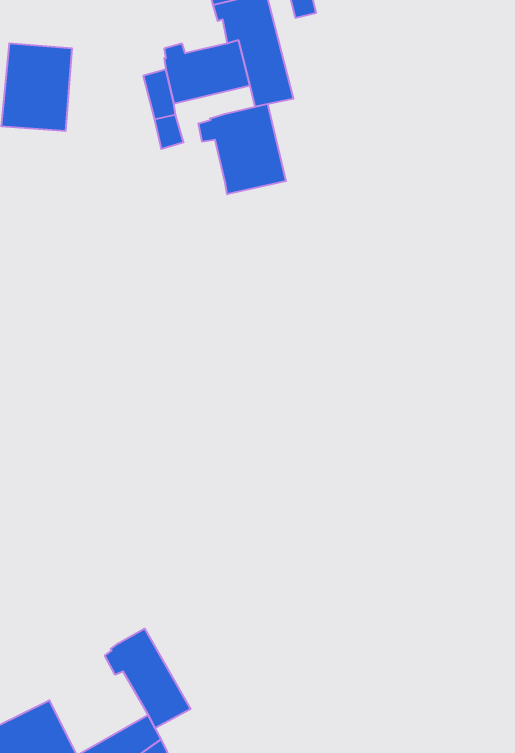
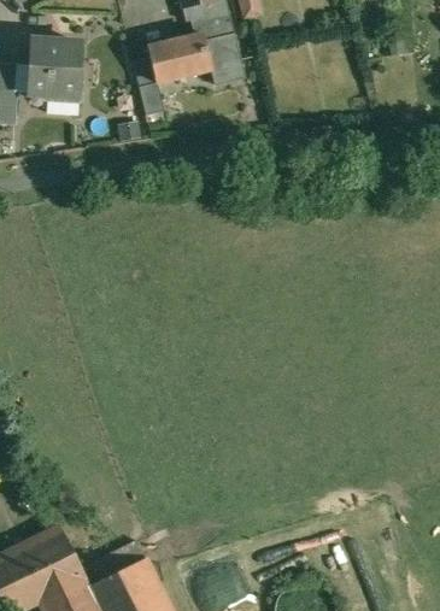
building: [199,104,286,194] -> none
building: [105,629,190,728] -> none

